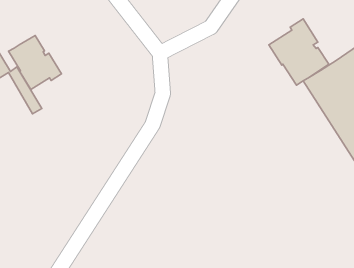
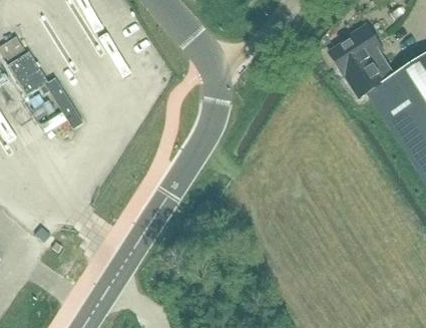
building: [9,35,62,89] -> none

